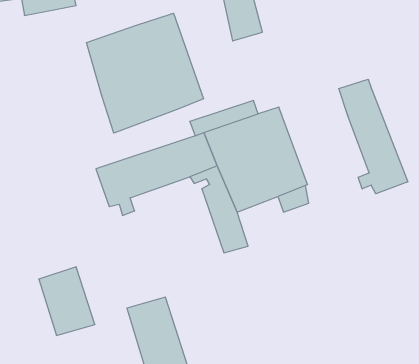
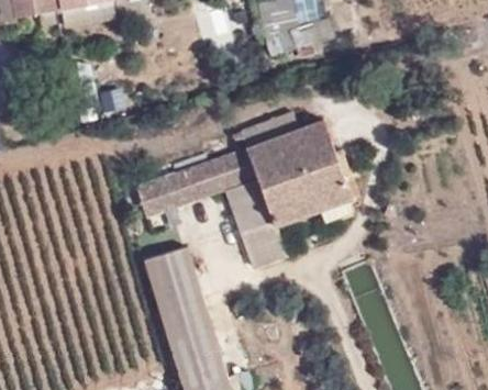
building: [86,13,204,133] -> none
building: [339,79,408,194] -> none
building: [39,267,95,335] -> [147,252,203,320]

